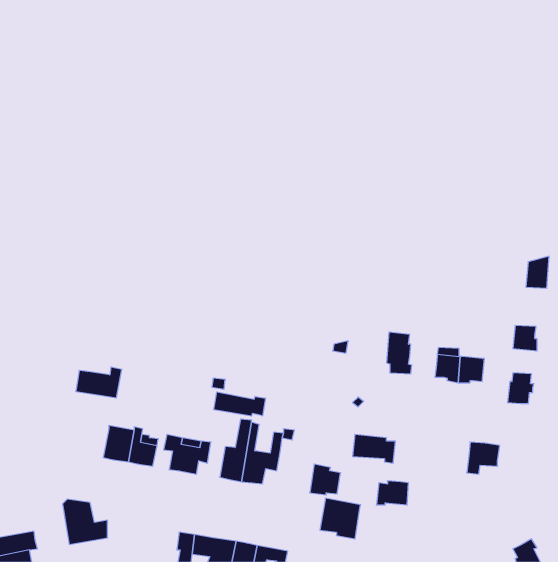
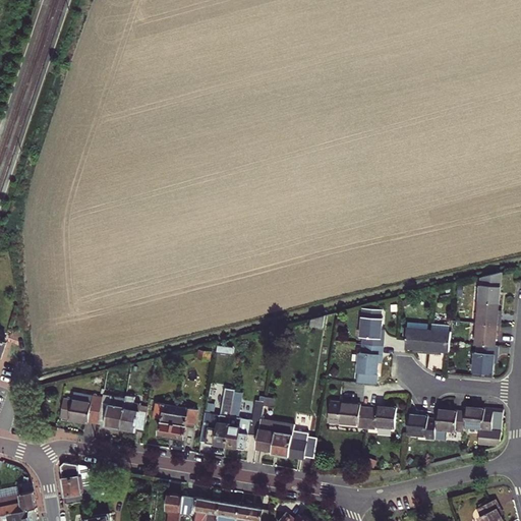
building: [526,256,549,288] -> [477,273,499,302]
building: none -> [473,323,498,346]
building: [76,367,122,398] -> [58,395,101,423]
building: none -> [355,345,381,373]
building: [214,392,265,416] -> none
building: none -> [461,407,501,445]
building: none -> [405,414,435,440]
building: [376,481,408,505] -> [364,406,394,428]
building: [320,498,361,539] -> [254,418,292,456]

